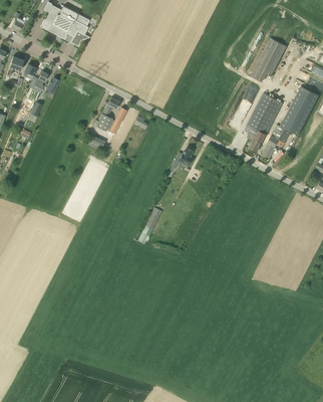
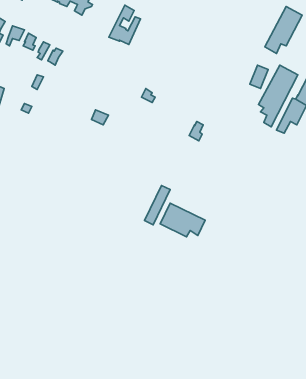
building: [96,96,126,134] -> [109,5,141,45]
building: none -> [160,203,205,237]

